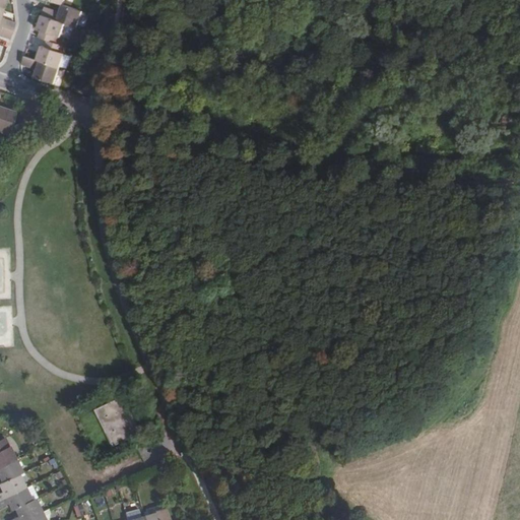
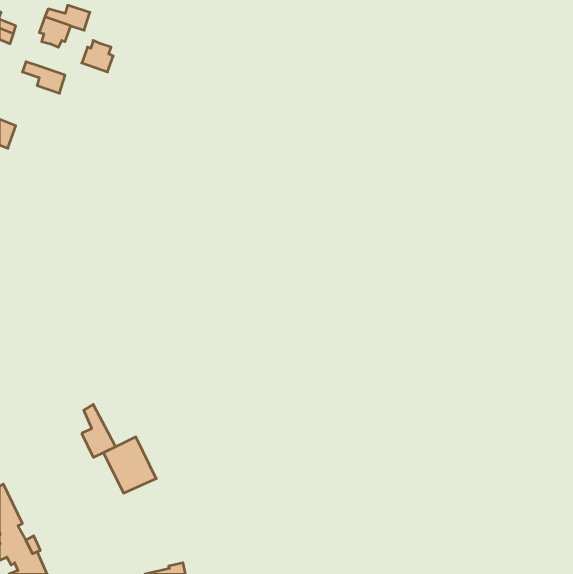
building: [36,40,64,68] -> [82,40,113,72]
building: none -> [82,404,115,457]

